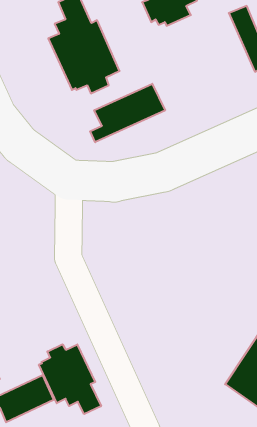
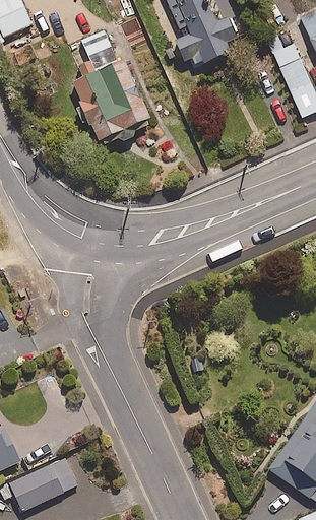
building: [90,84,165,142] -> none
building: [39,344,101,414] -> none

